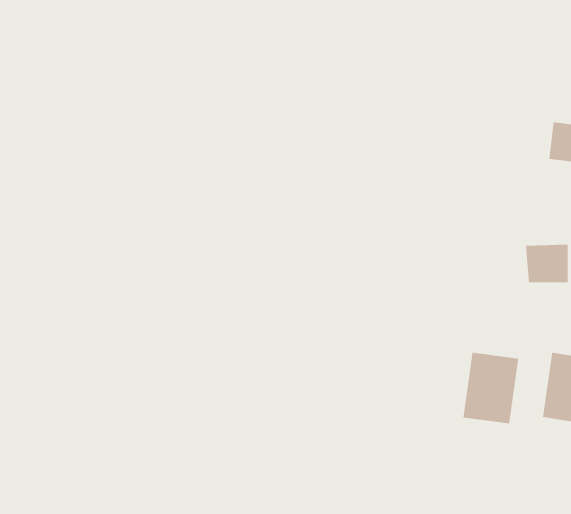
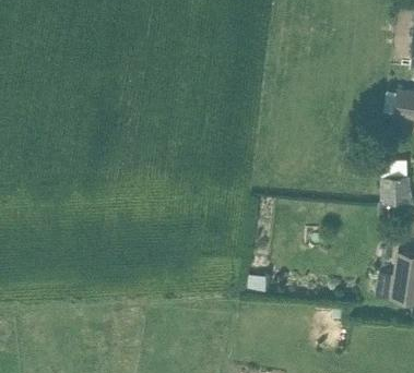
building: [463,352,519,424] -> none

